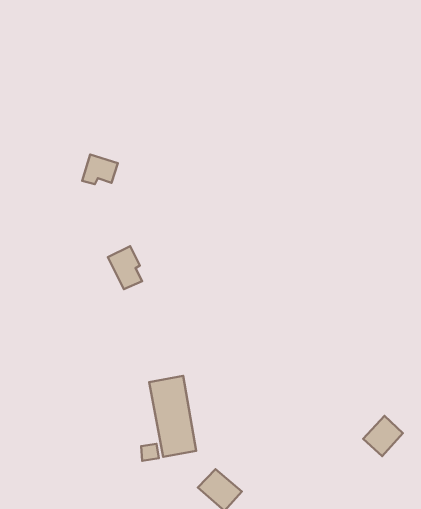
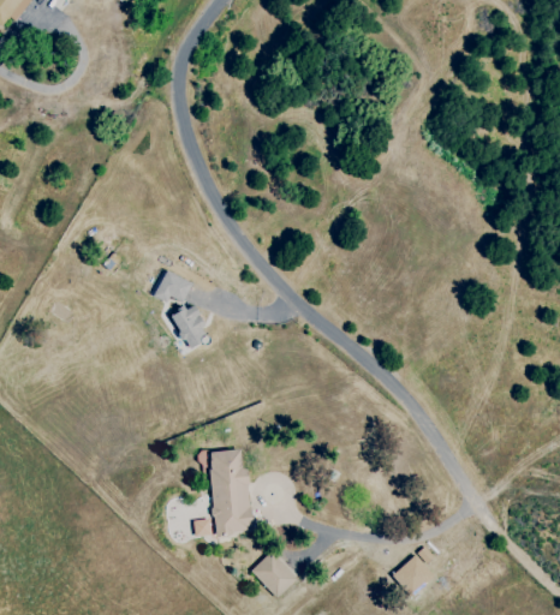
building: [82,154,118,184] -> [154,269,193,301]
building: [363,416,403,456] -> [392,554,435,597]

